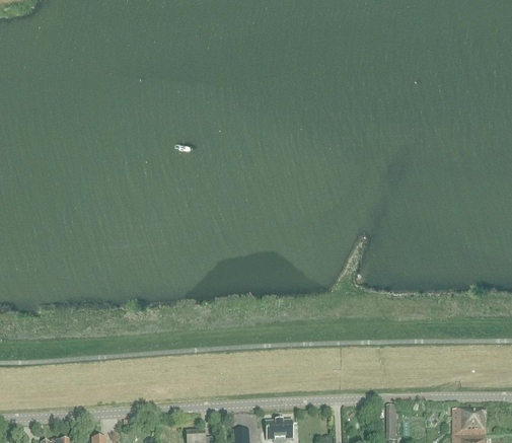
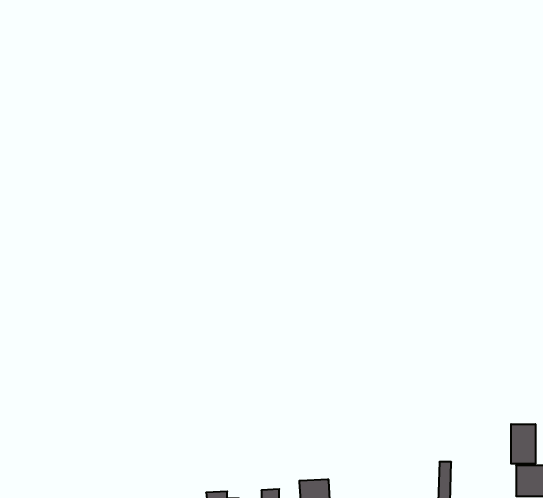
building: none -> [511,424,535,464]

